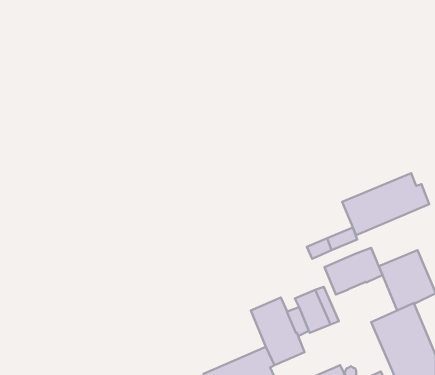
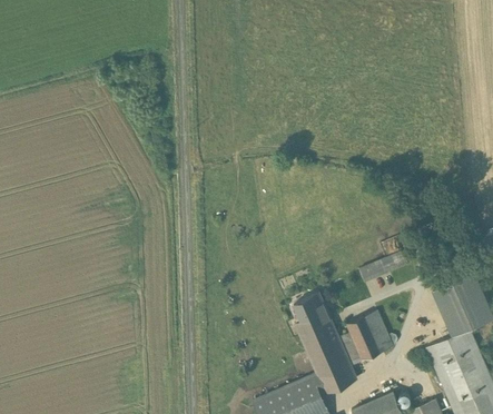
building: [342,173,429,235] -> none
building: [324,248,382,294] -> none
building: none -> [294,292,332,335]

